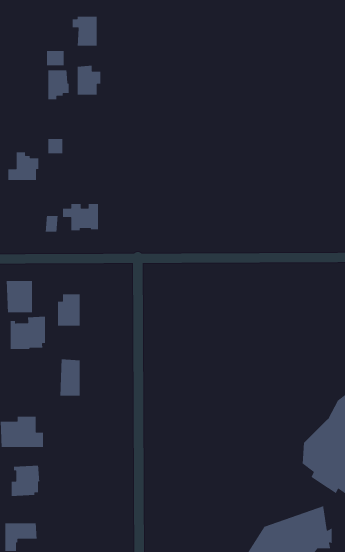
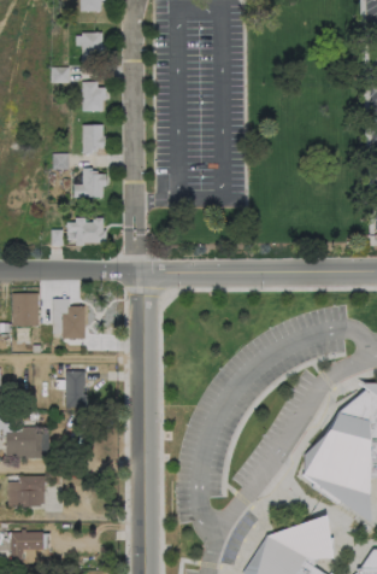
building: [47,69,69,100] -> [83,124,105,154]
building: [7,151,39,181] -> [75,168,106,197]
building: [10,316,46,350] -> none

